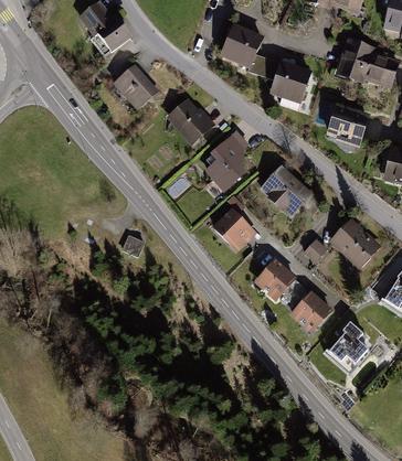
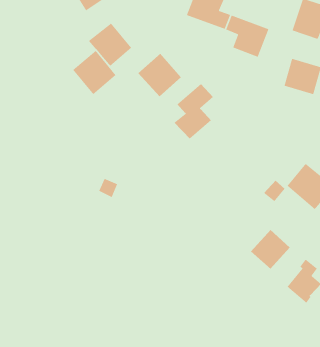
building: none -> [72,50,117,95]
building: [258,163,314,217] -> none
building: [211,206,257,253] -> none
building: [253,259,296,302] -> none

